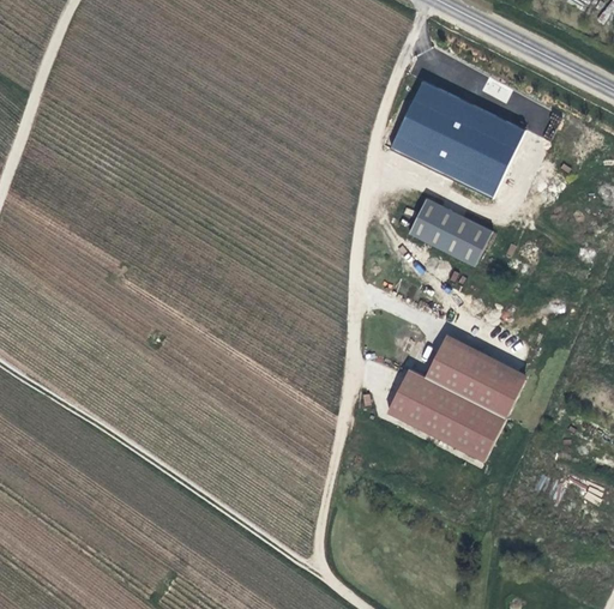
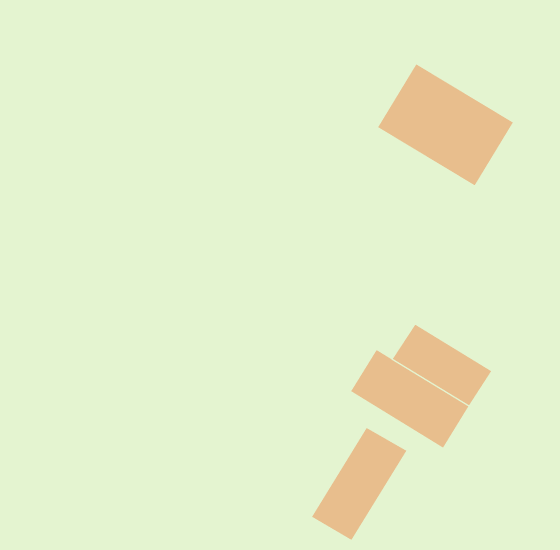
building: [409,199,490,265] -> none
building: none -> [311,427,407,541]

